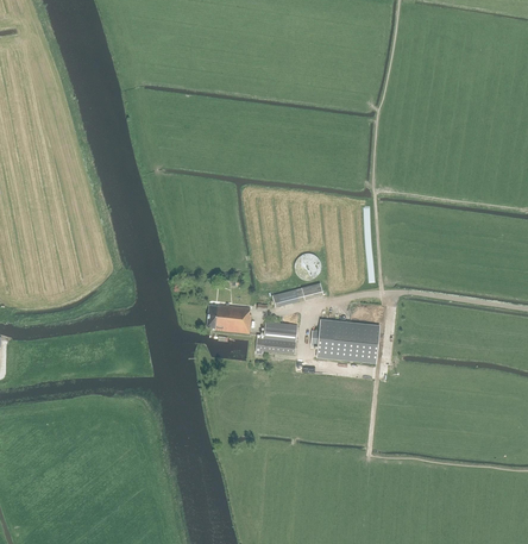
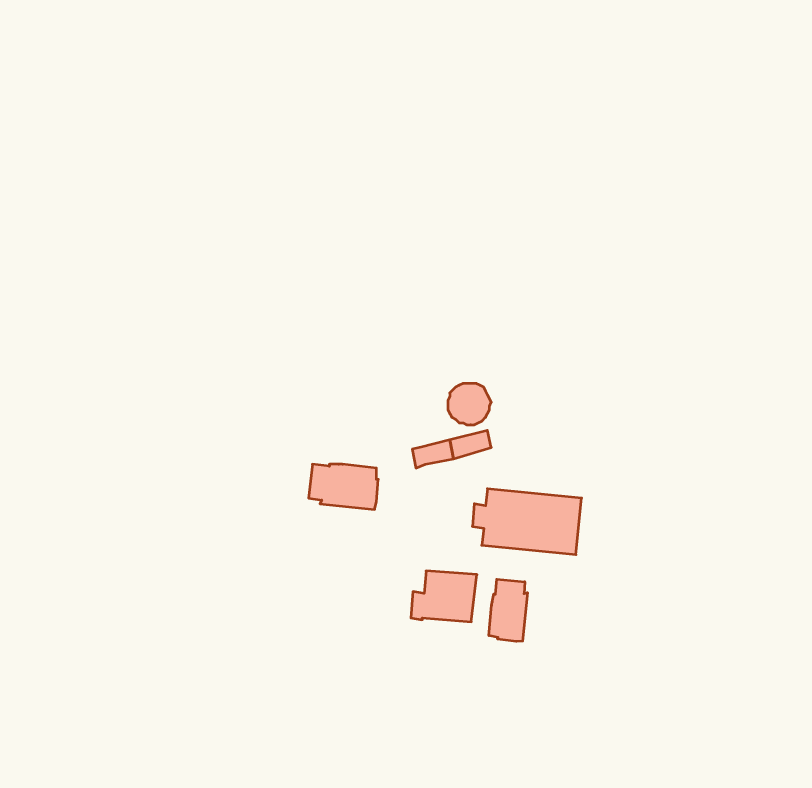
building: [256,320,297,352] -> [411,571,477,622]
building: none -> [489,579,527,641]

